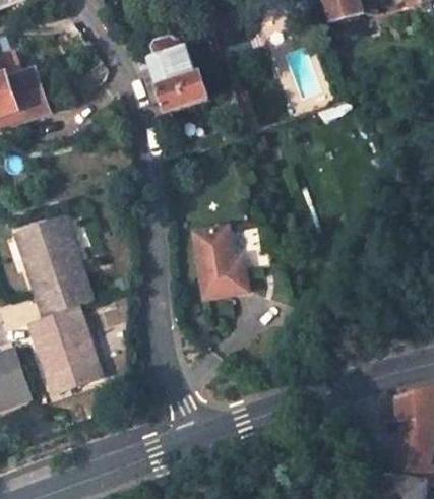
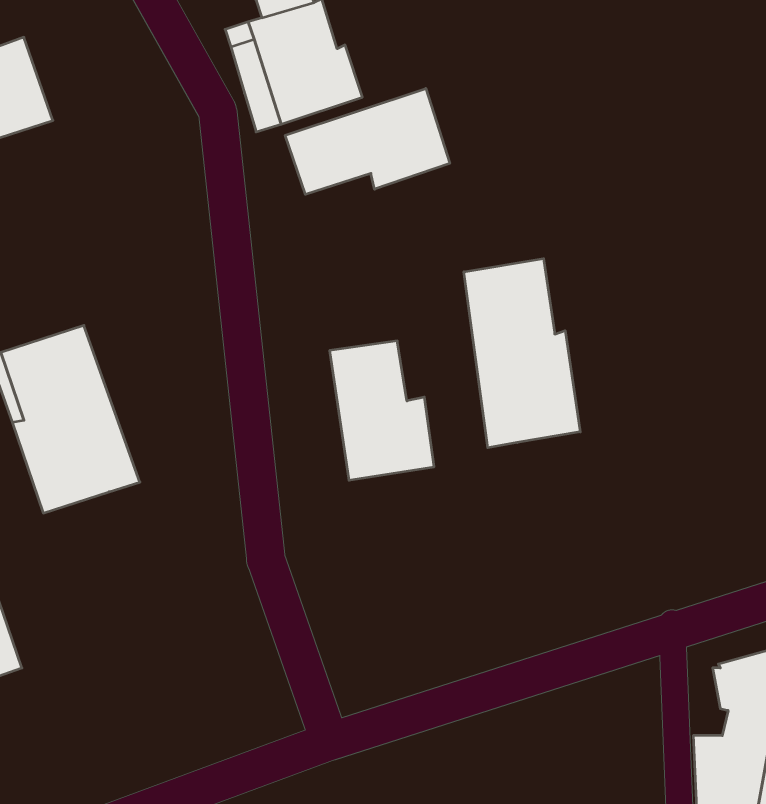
building: none -> [285,88,450,194]
building: none -> [464,259,580,448]
building: [27,305,102,393] -> none

